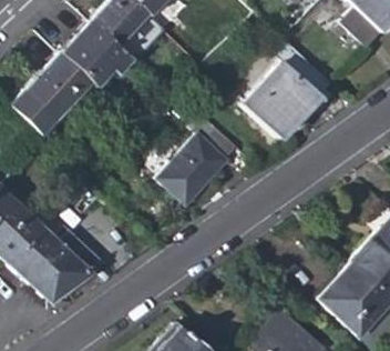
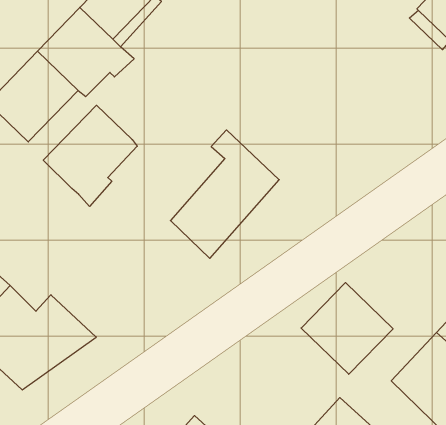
building: [245,37,331,138] -> none
building: none -> [43,105,137,206]
building: none -> [301,283,393,374]

